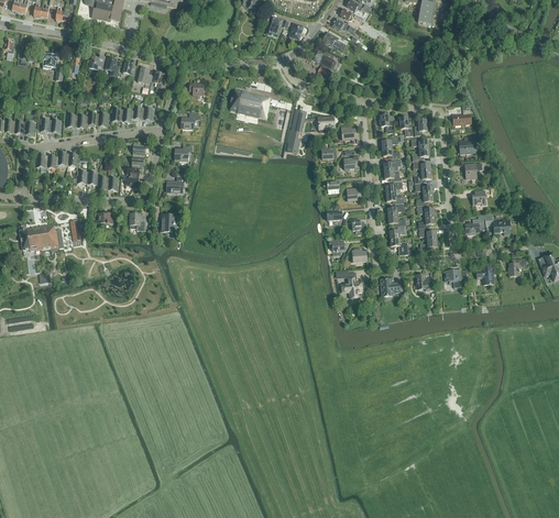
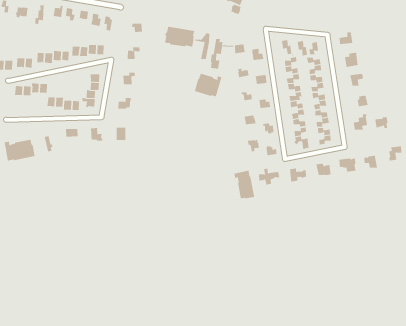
building: none -> [194,73,222,97]
building: none -> [234,170,255,199]

